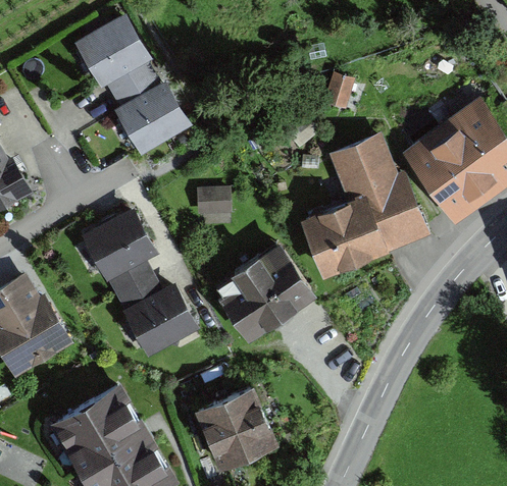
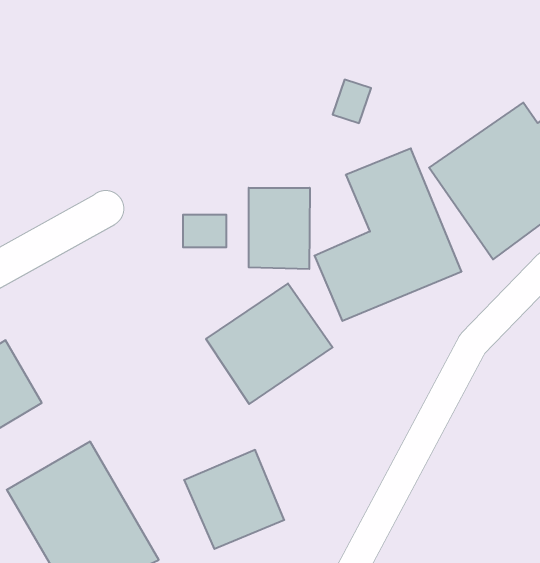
building: [71,11,189,153] -> none
building: none -> [249,188,310,269]
building: [77,211,198,364] -> none

